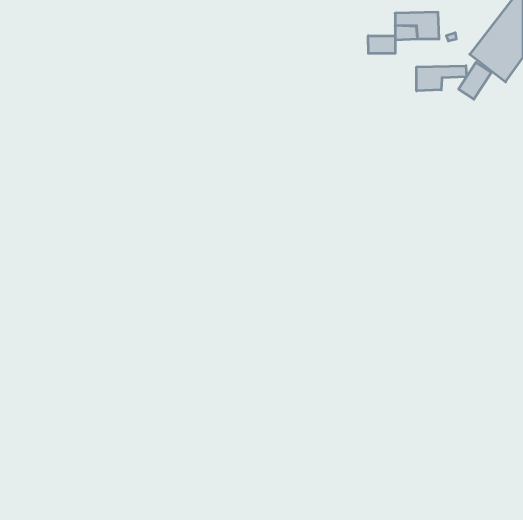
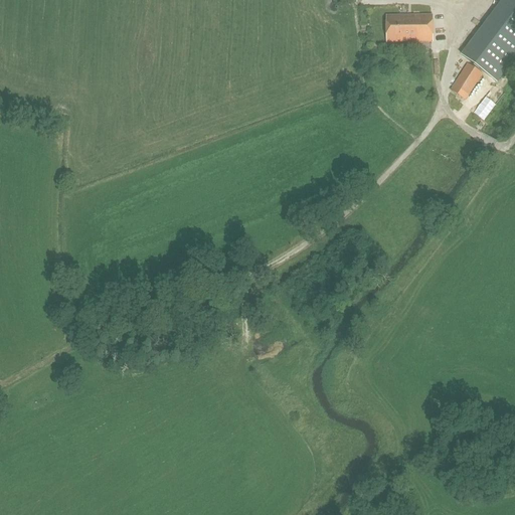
building: [368,36,395,53] -> none
building: [417,66,467,91] -> none

